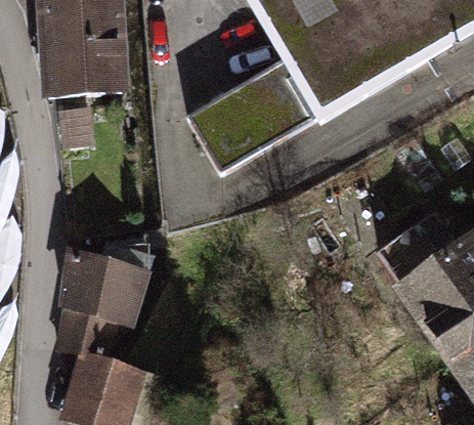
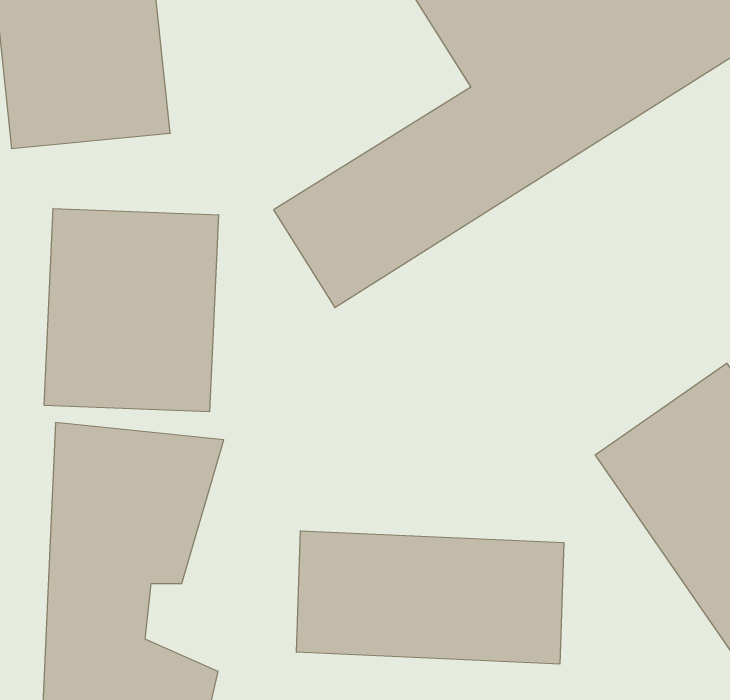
building: none -> [44,208,218,412]
building: none -> [296,531,564,664]

